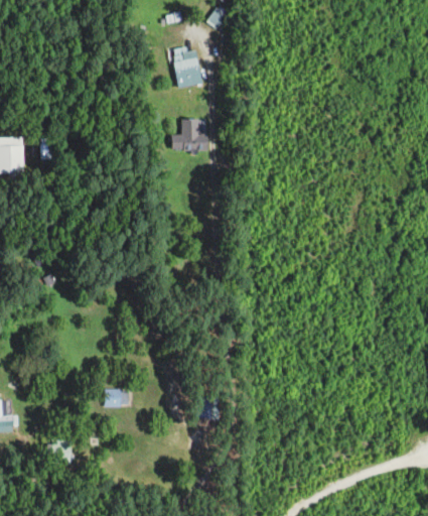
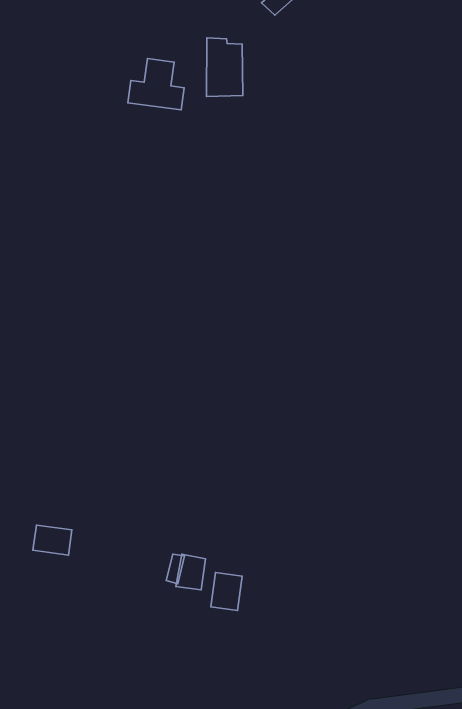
building: [172,119,208,150] -> [128,59,184,110]
building: none -> [211,572,242,610]

